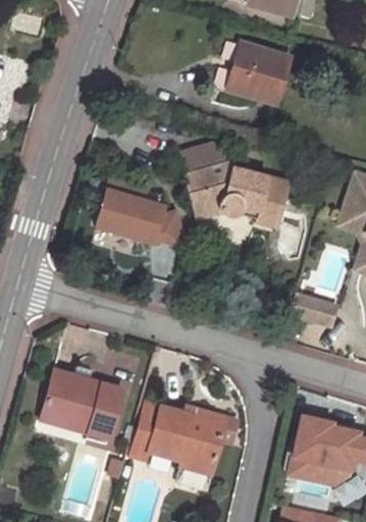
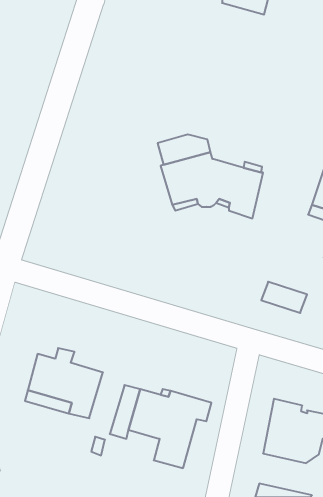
building: [227,44,290,104] -> none
building: [96,178,189,250] -> none

